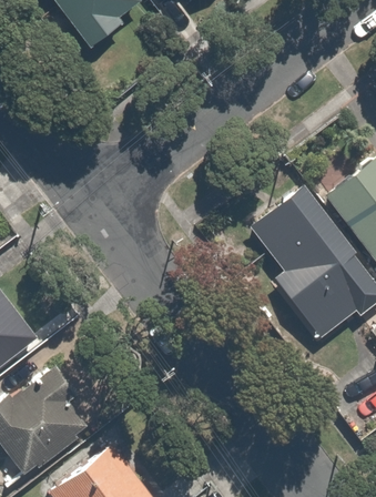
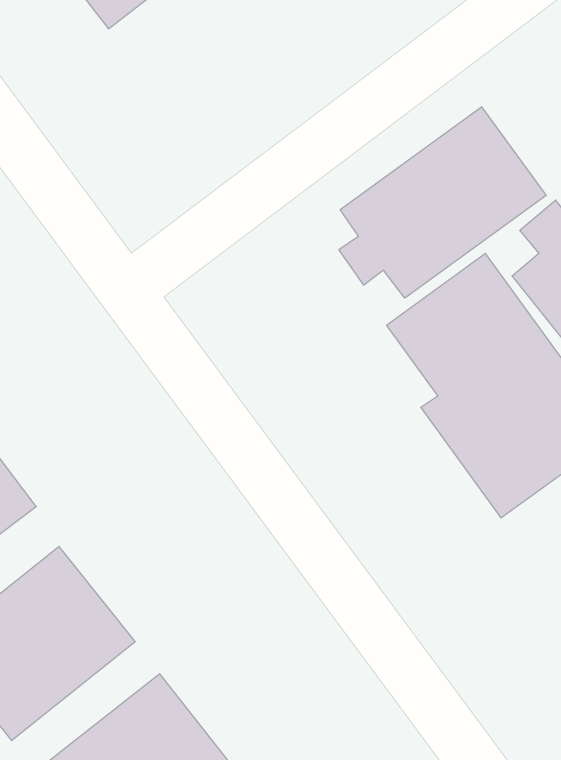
building: none -> [339,107,546,298]

